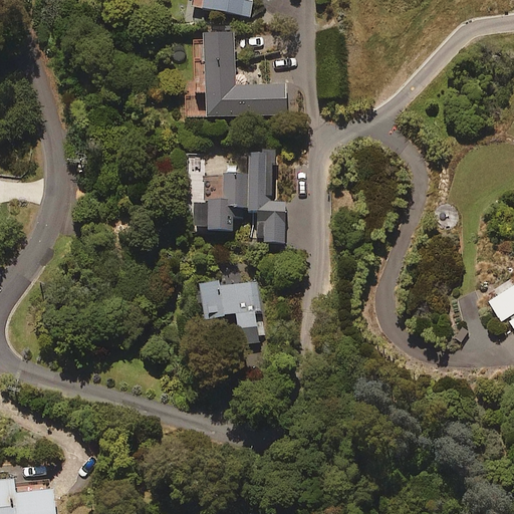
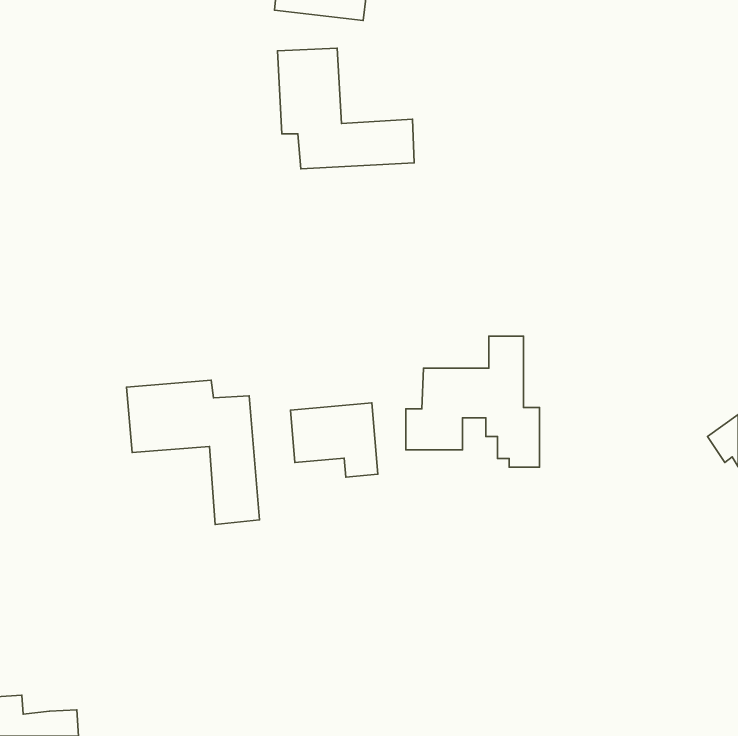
building: [192,152,284,242] -> [406,336,540,467]
building: none -> [127,380,260,524]

